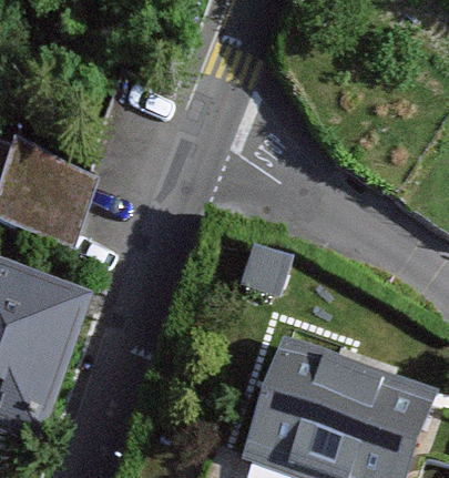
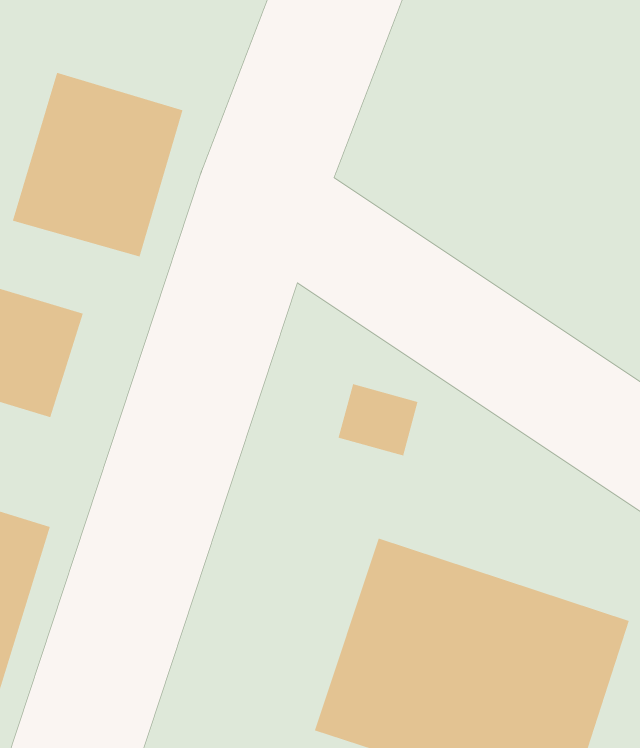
building: none -> [12,72,183,257]

